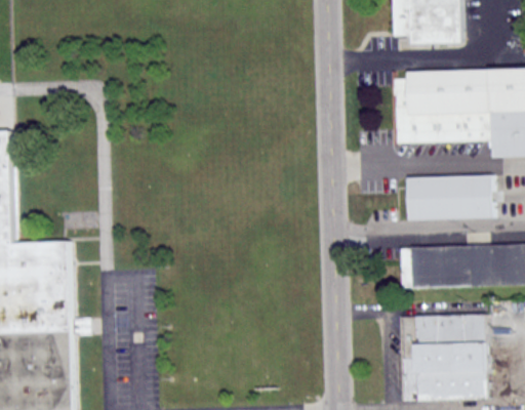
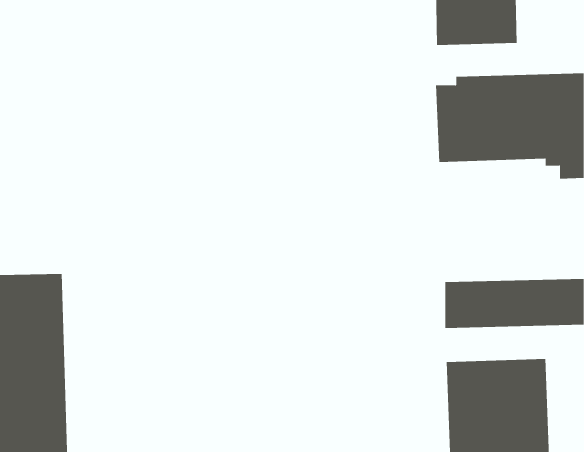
building: [407,174,494,220] -> none

